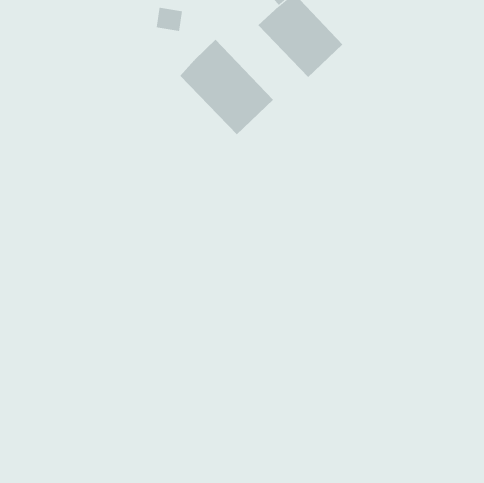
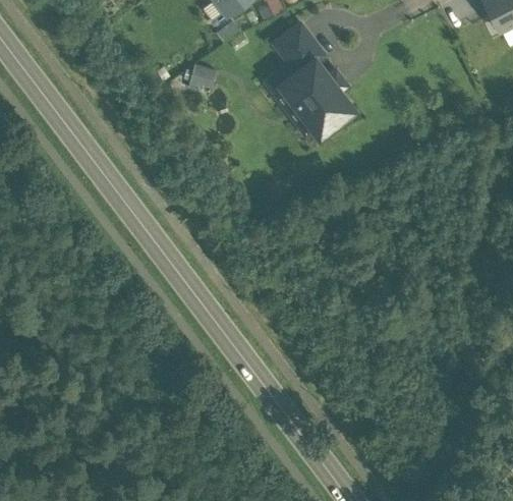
building: [179,39,274,135] -> none

